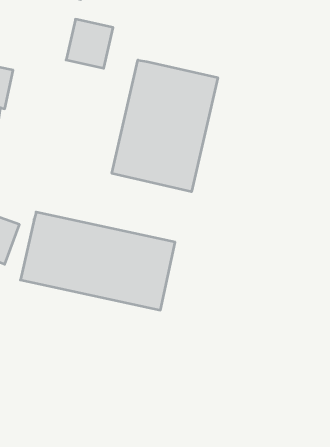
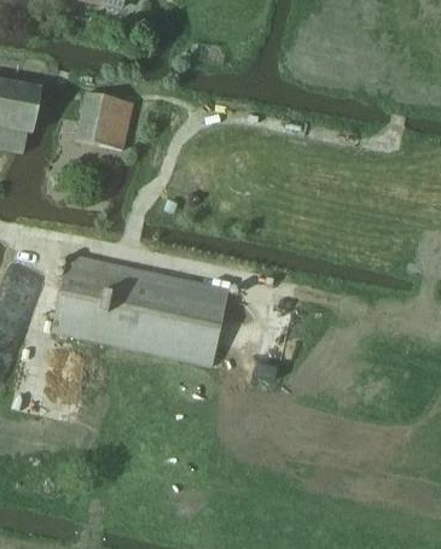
building: [66,19,113,68] -> [76,92,130,148]
building: [112,60,218,192] -> none

